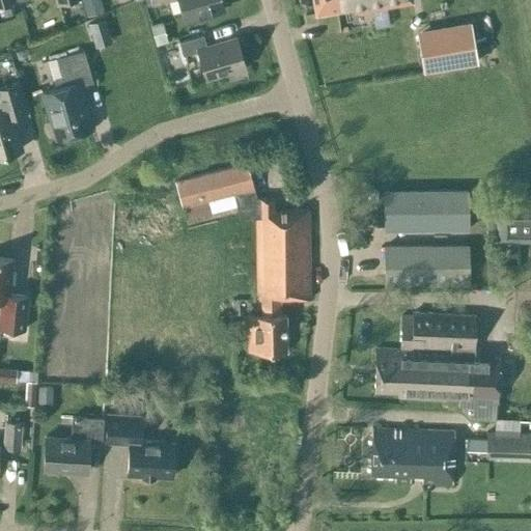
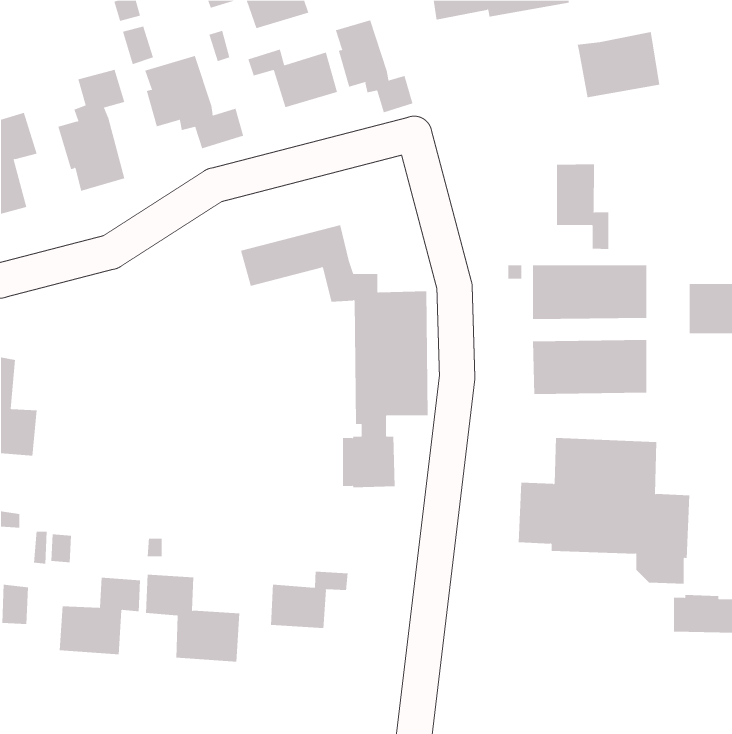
building: none -> [335,19,413,113]
building: none -> [144,55,244,149]
building: none -> [557,164,609,250]
building: none -> [270,571,348,629]
building: [372,428,455,485] -> none

